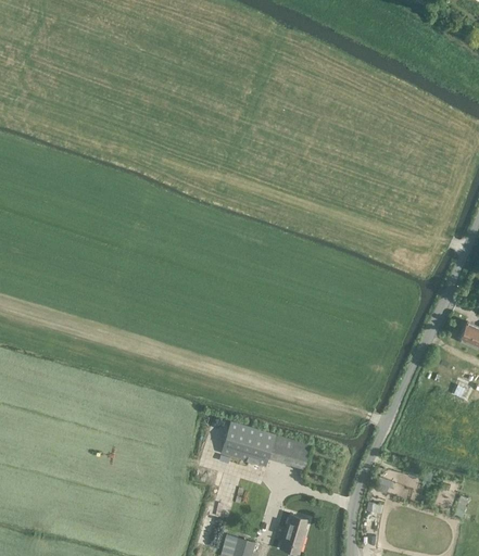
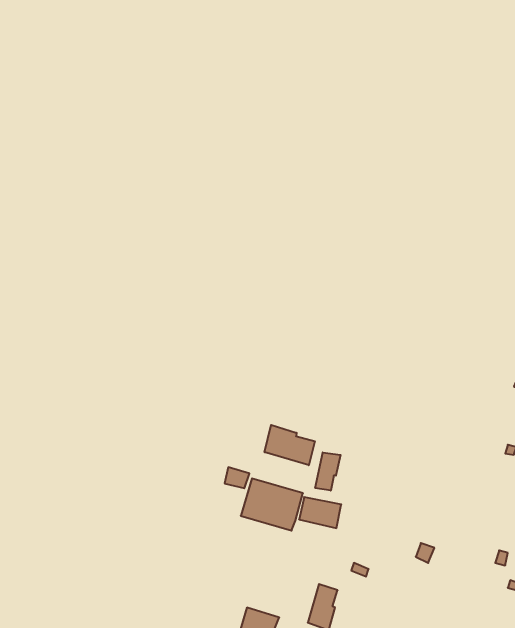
building: none -> [265,425,315,465]
building: none -> [315,452,341,491]

